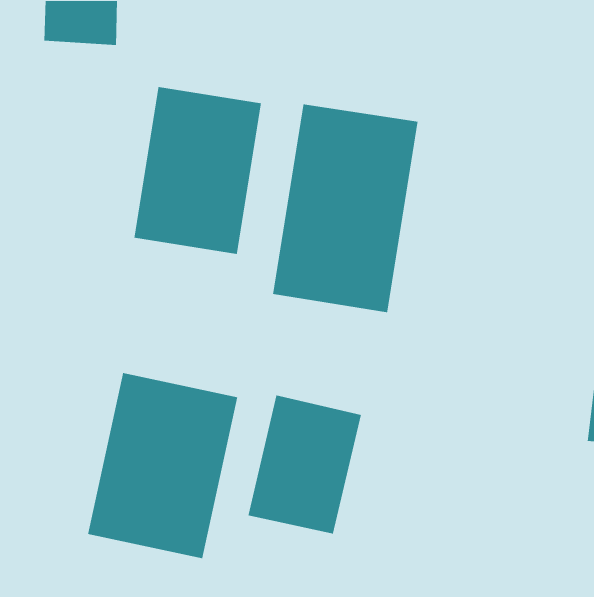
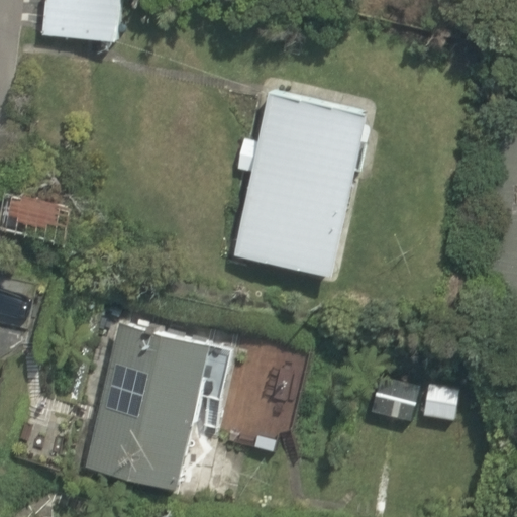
building: [134,86,262,255] -> none

